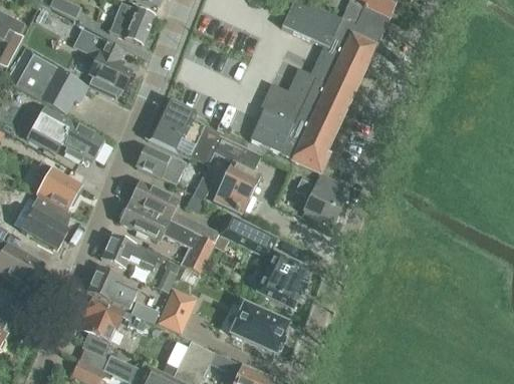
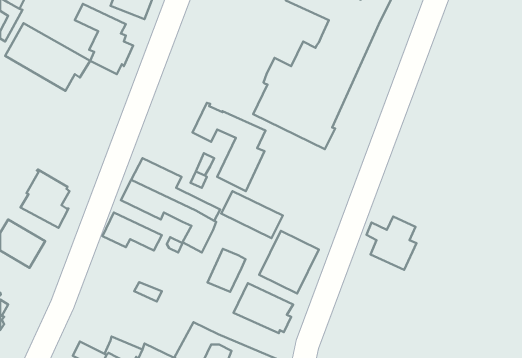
building: [149,98,204,157] -> none
building: [27,107,103,160] -> none
building: [135,144,186,183] -> none
building: [27,155,80,209] -> none
building: [295,172,344,225] -> [366,216,417,270]
building: [87,266,137,308] -> none
building: [159,289,196,331] -> [208,249,245,292]
building: [81,297,147,356] -> none

